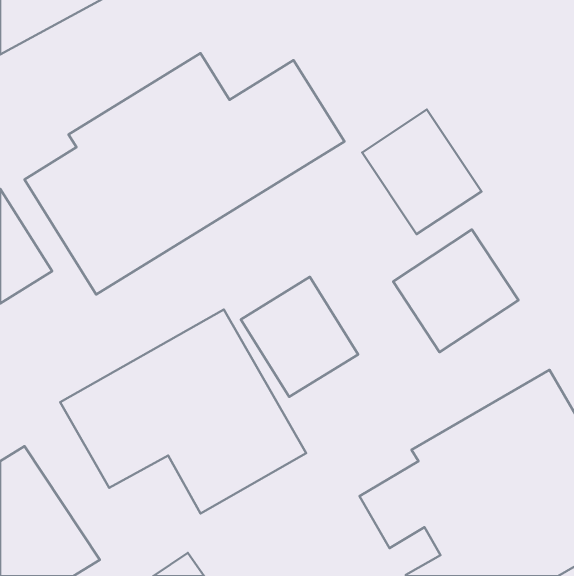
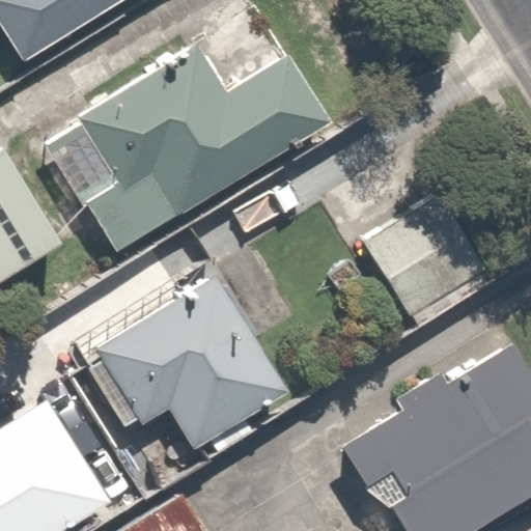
building: [362,110,481,234] -> none
building: [241,277,358,397] -> none

